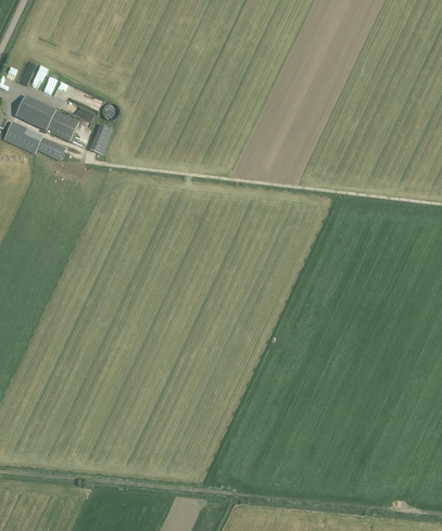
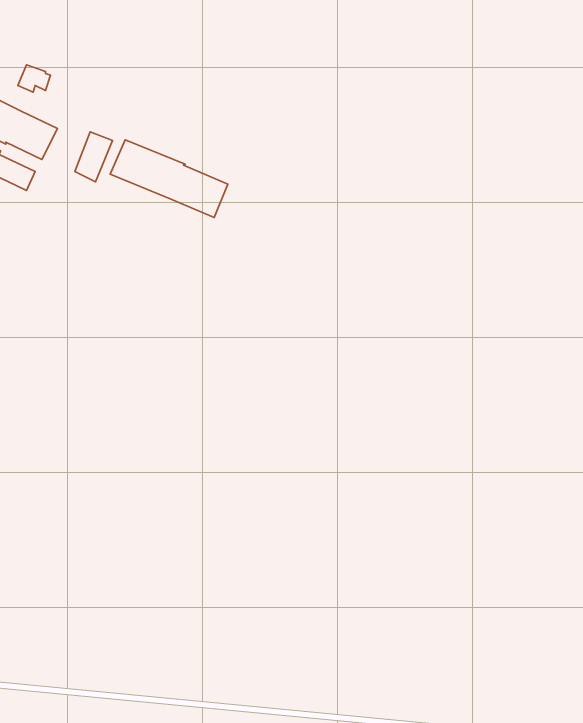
building: none -> [110,140,228,218]

